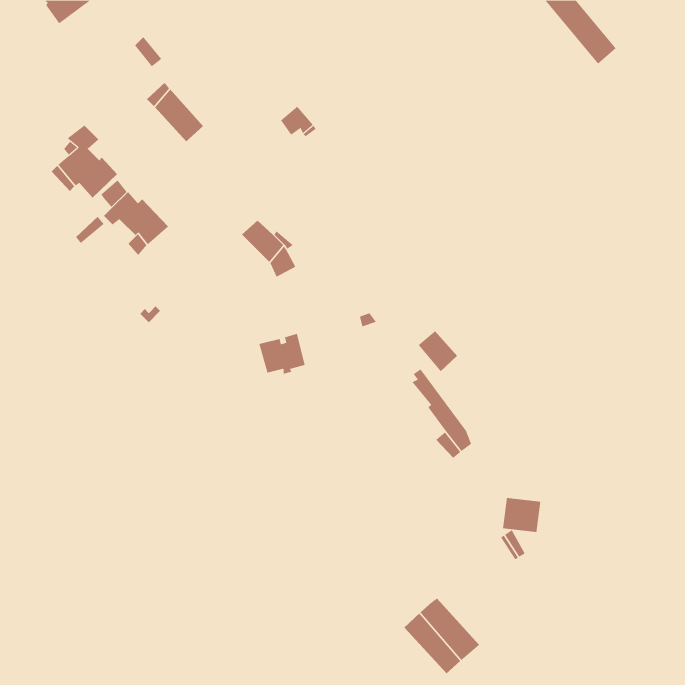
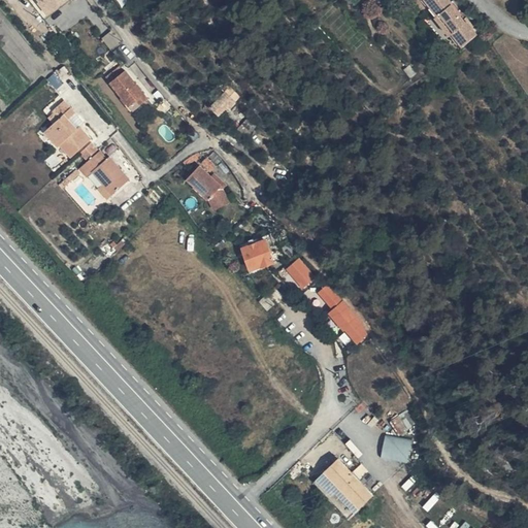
building: [418,330,458,372] -> [287,256,318,288]
building: [259,333,306,375] -> [241,240,277,272]
building: [502,498,541,532] -> [383,434,412,461]

